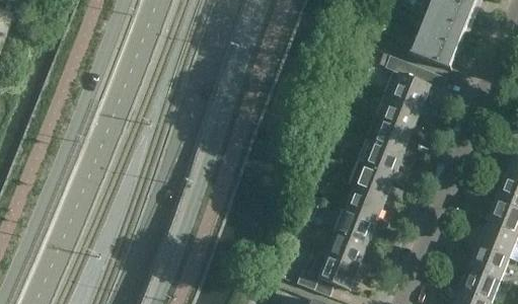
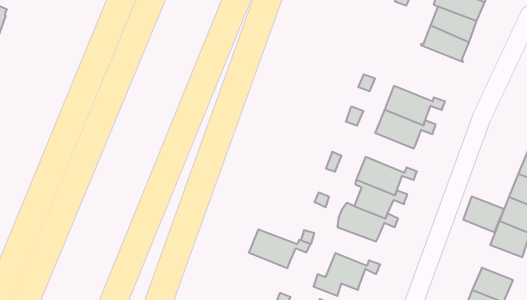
building: [383,54,445,106] -> none
building: [356,137,415,175] -> none
building: [319,228,379,265] -> [249,229,311,268]
building: [468,245,508,280] -> [463,196,504,232]

